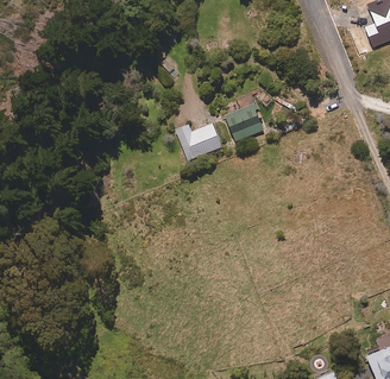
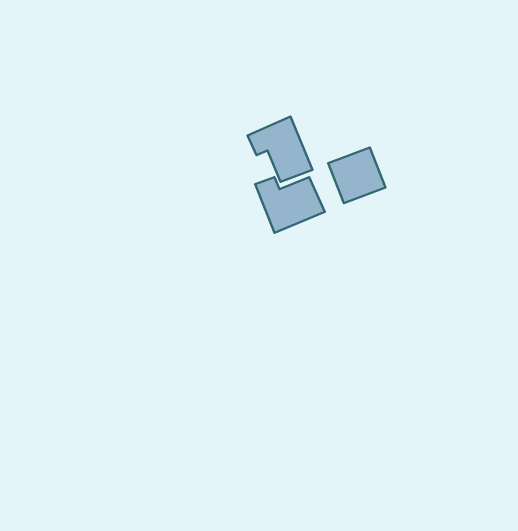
building: none -> [247,117,313,182]

